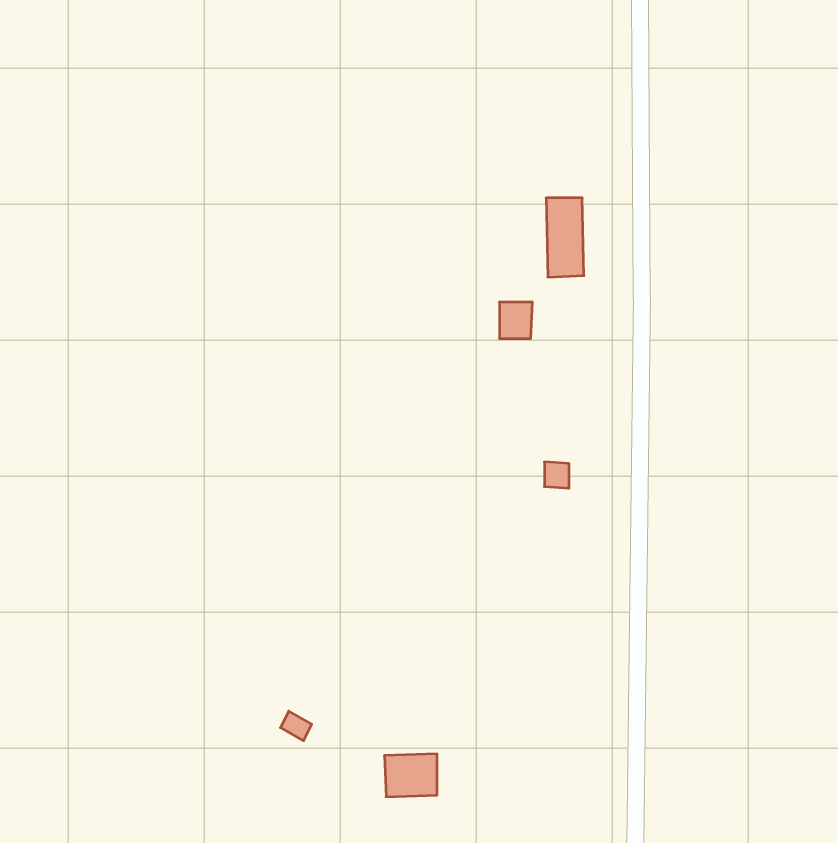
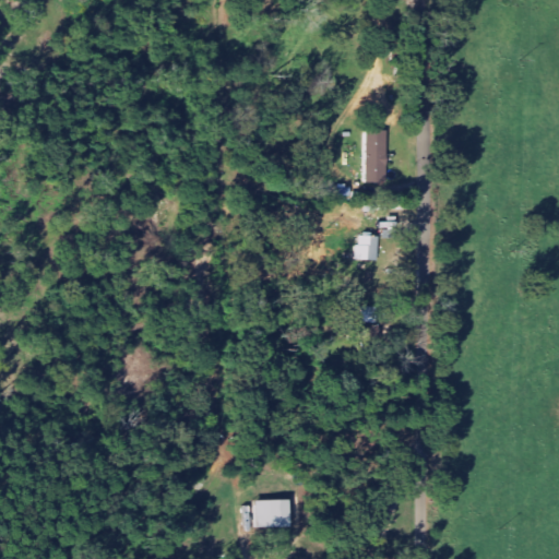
building: [499,302,532,338] -> [355,236,377,260]

